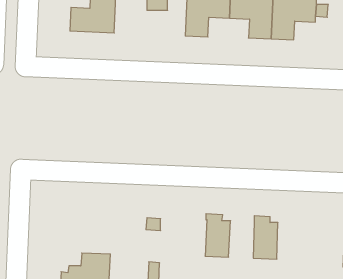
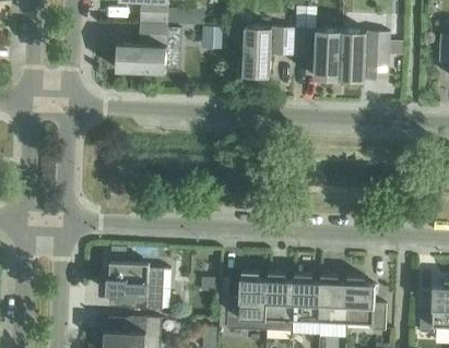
building: none -> [109,261,164,310]
building: none -> [227,272,269,324]
building: none -> [293,274,321,322]
building: none -> [346,276,387,331]

